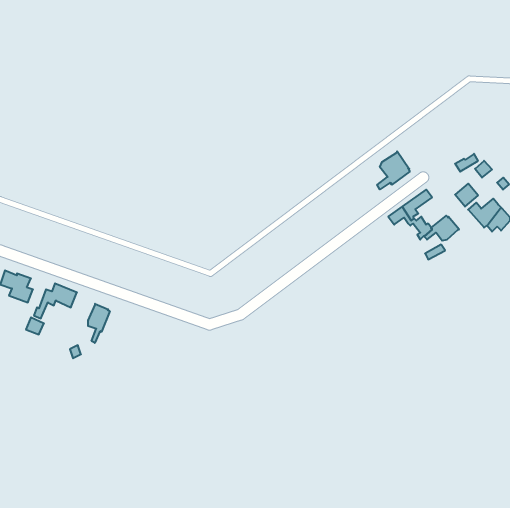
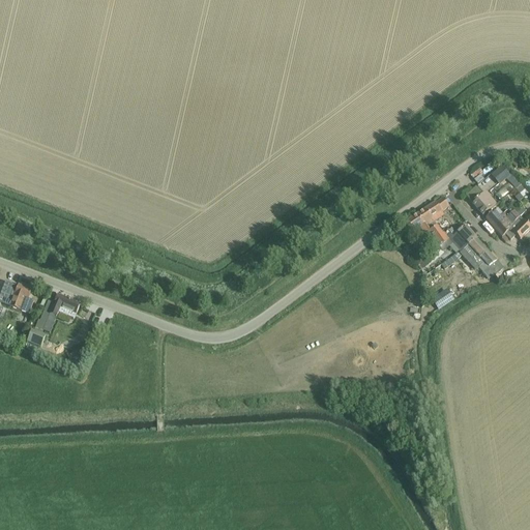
building: [377,151,410,189] -> none
building: none -> [464,238,506,279]
building: [88,304,110,343] -> none

